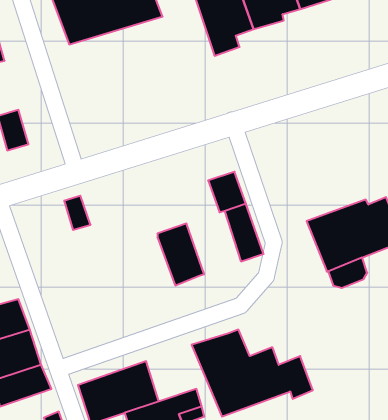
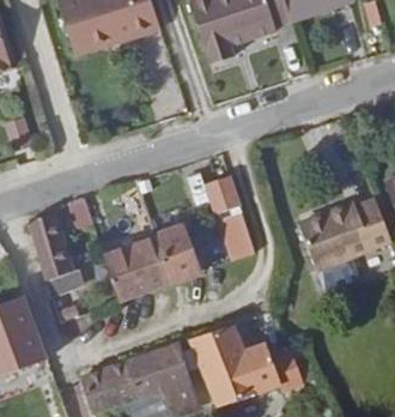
building: none -> [28,213,85,296]
building: none -> [103,237,174,302]
building: none -> [146,342,194,393]

